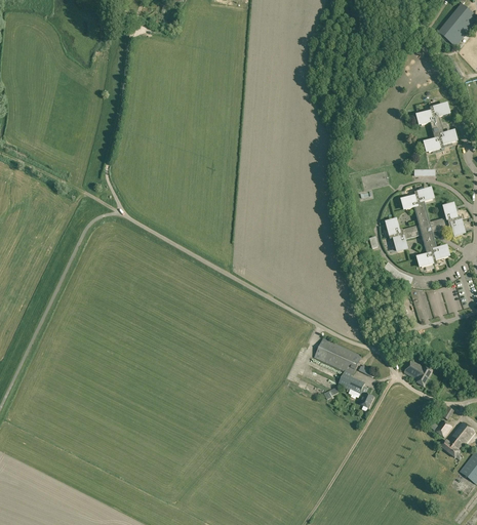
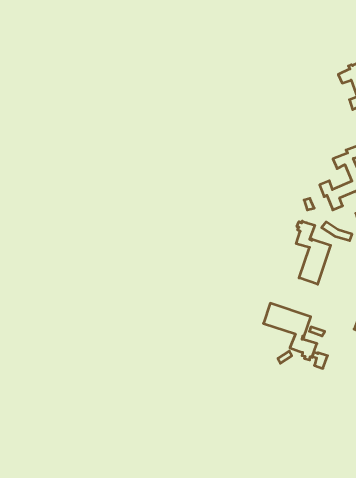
building: none -> [296,221,331,284]

